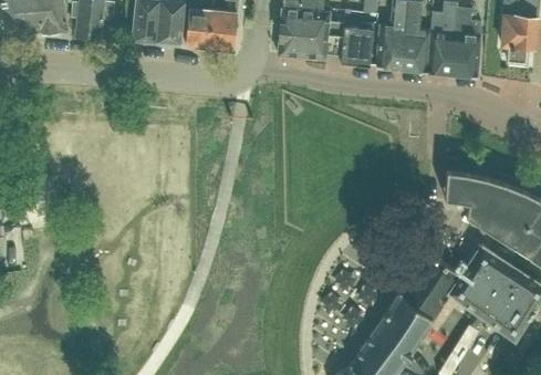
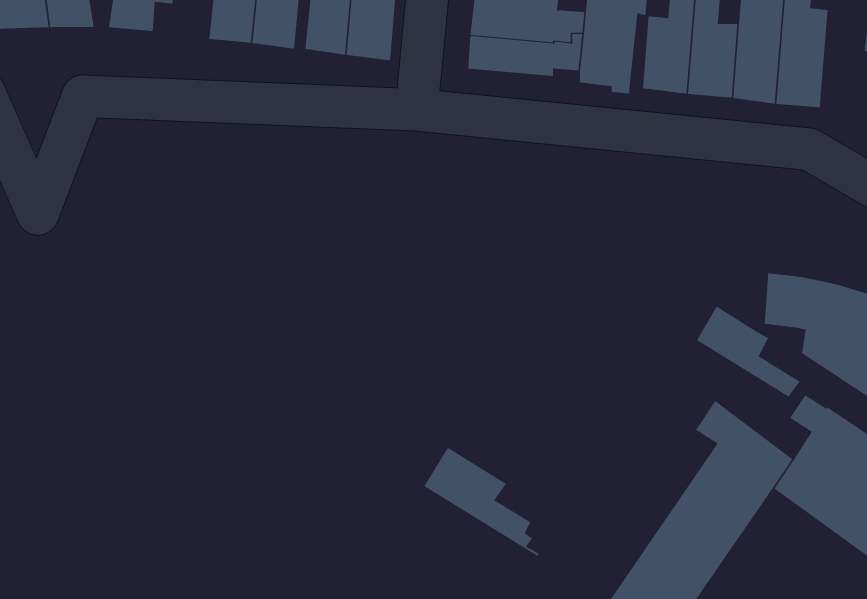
building: none -> [696,306,800,397]
building: none -> [423,447,540,557]

